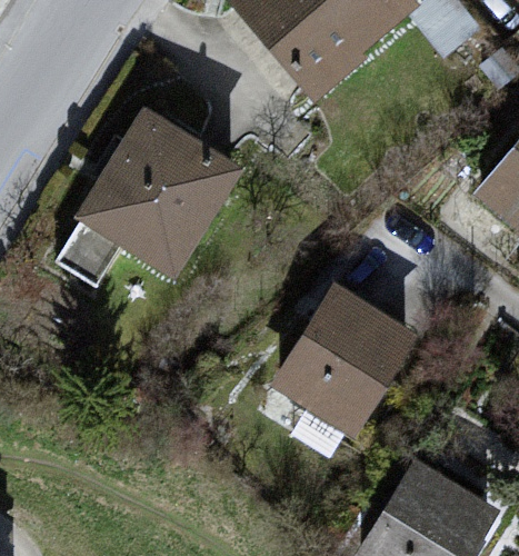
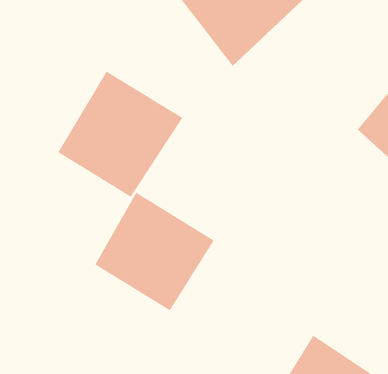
building: none -> [94,192,215,311]
building: [269,281,422,440] -> none

